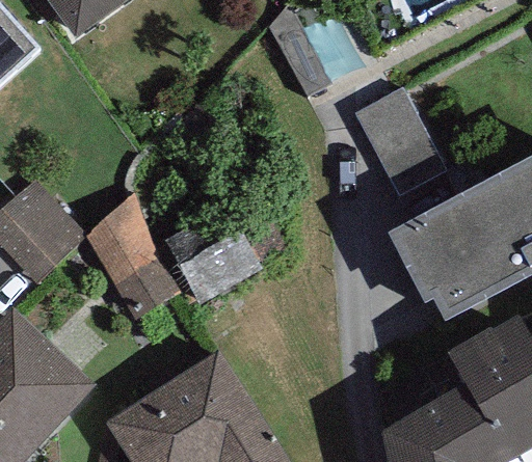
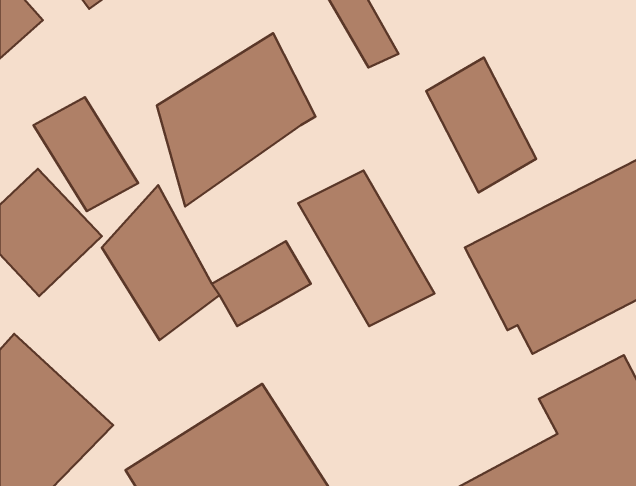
building: none -> [157,33,315,207]
building: none -> [33,97,138,211]
building: none -> [298,170,435,326]

